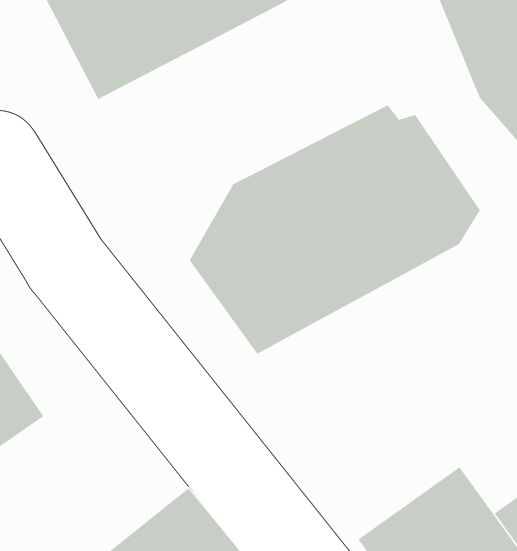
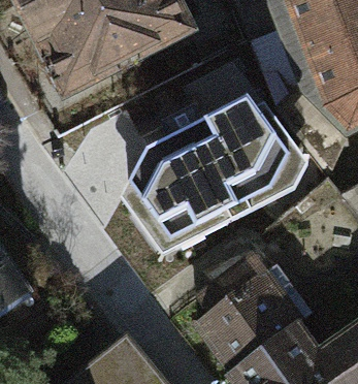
building: none -> [194,261,307,373]

